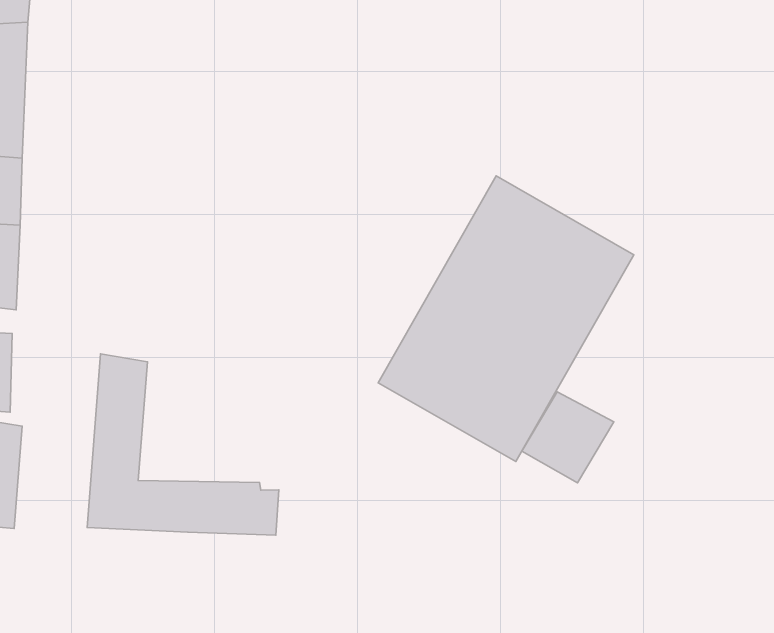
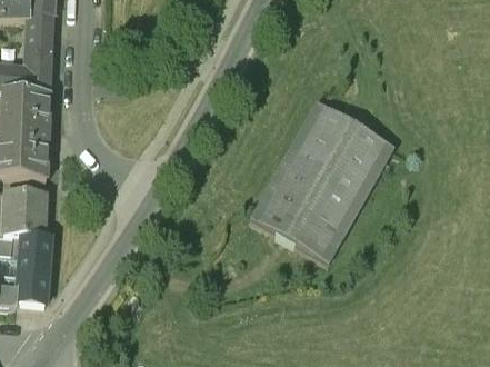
building: [87,354,279,535] -> none
building: [522,392,614,483] -> none

